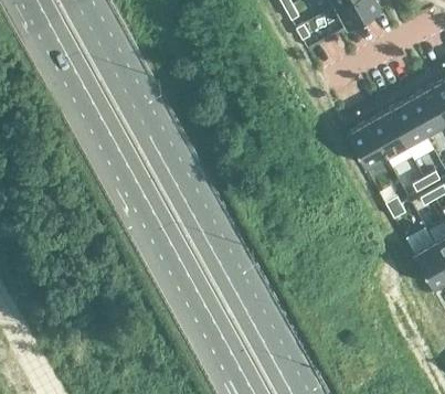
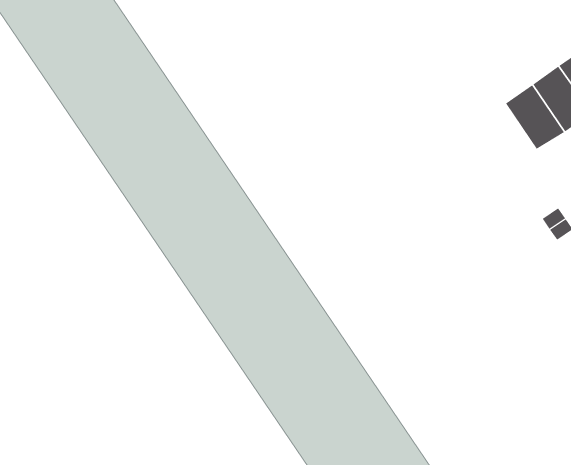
building: [347,124,386,169] -> none

